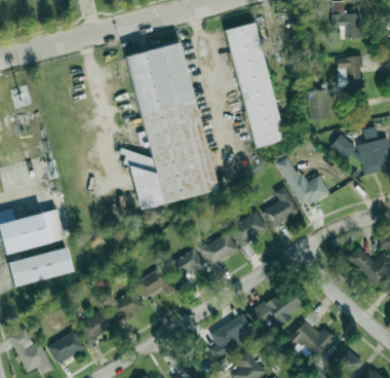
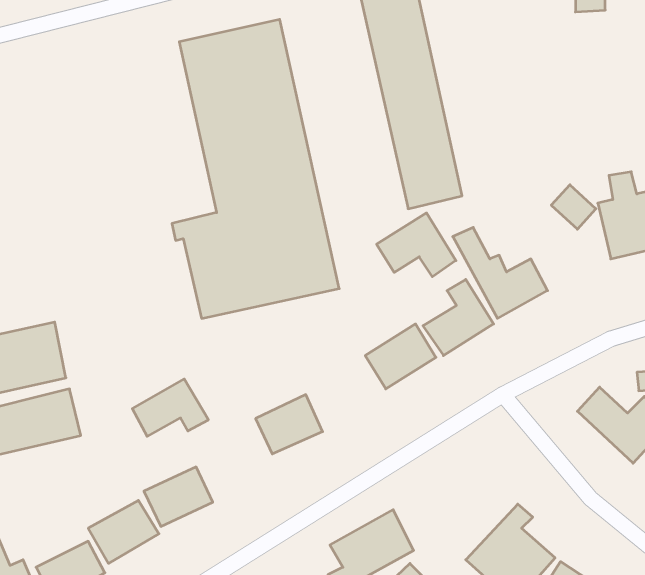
building: [337,55,363,91] -> none
building: [307,88,327,118] -> none
building: none -> [377,213,456,277]
building: [199,231,238,267] -> none
building: [135,266,178,298] -> [132,379,208,436]
building: [249,287,303,325] -> none

